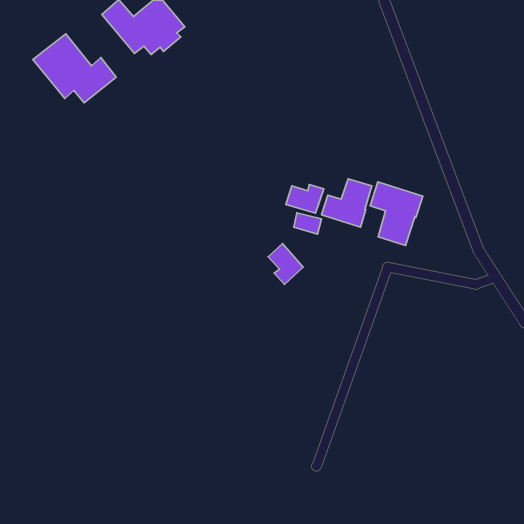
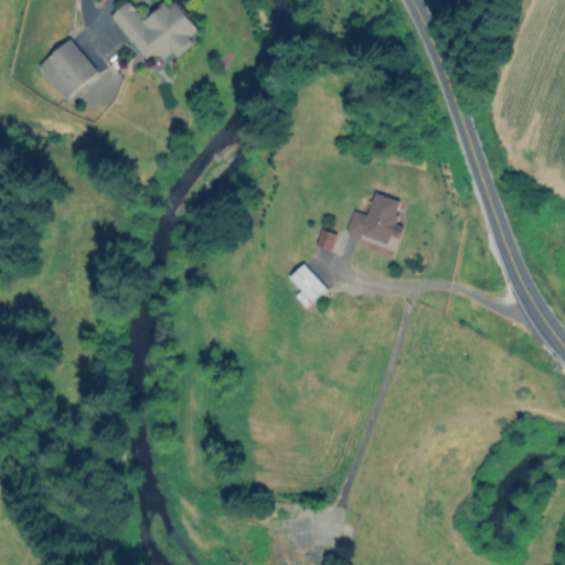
building: [370,182,423,246] -> none
building: [286,184,324,213] -> none

